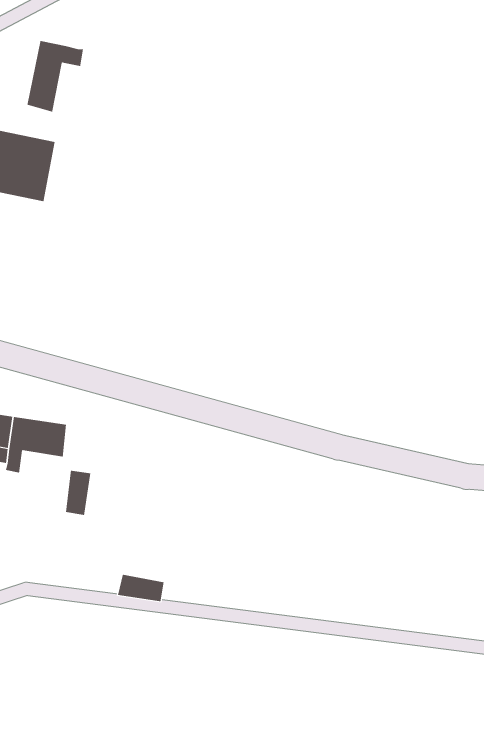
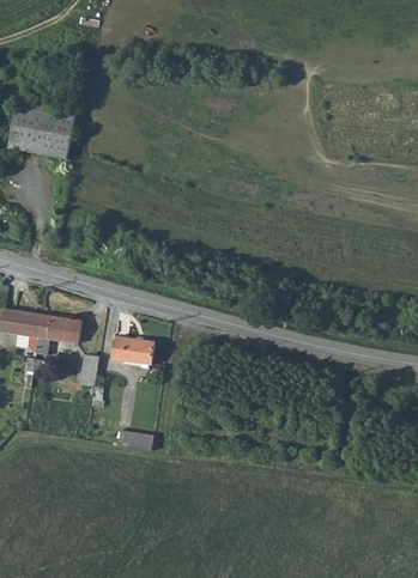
building: [27,40,83,113] -> none
building: none -> [111,335,155,364]

